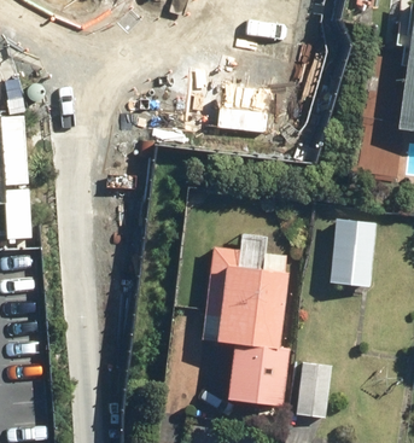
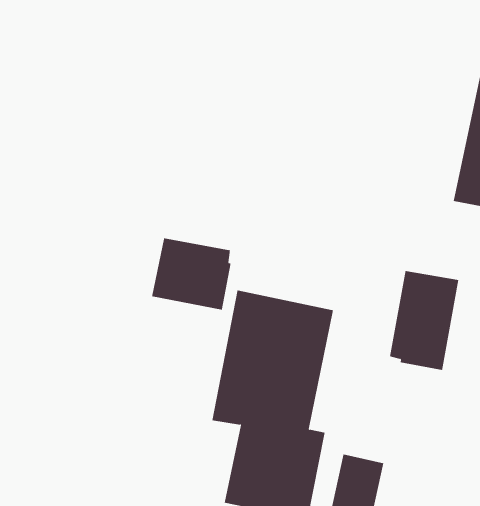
building: none -> [152,237,231,311]

